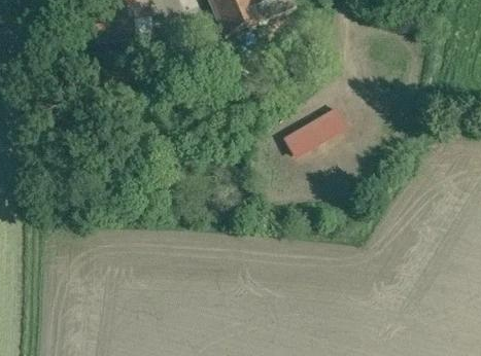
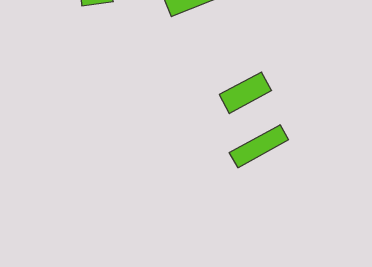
building: none -> [229,125,288,168]

